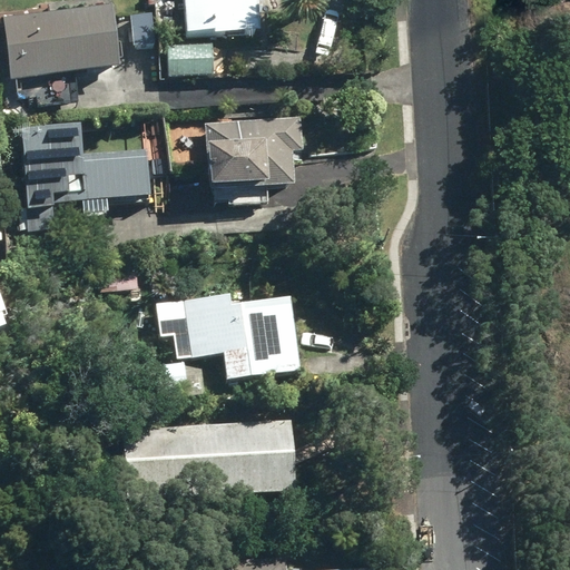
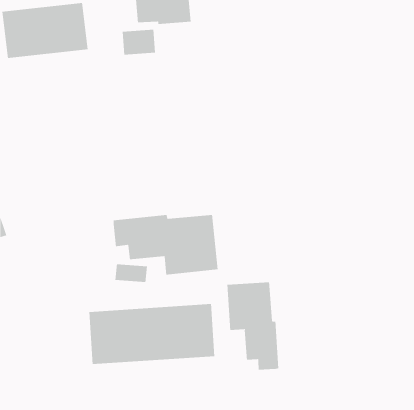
building: [206,118,297,187] -> none
building: [23,128,150,209] -> none
building: none -> [227,281,279,371]

